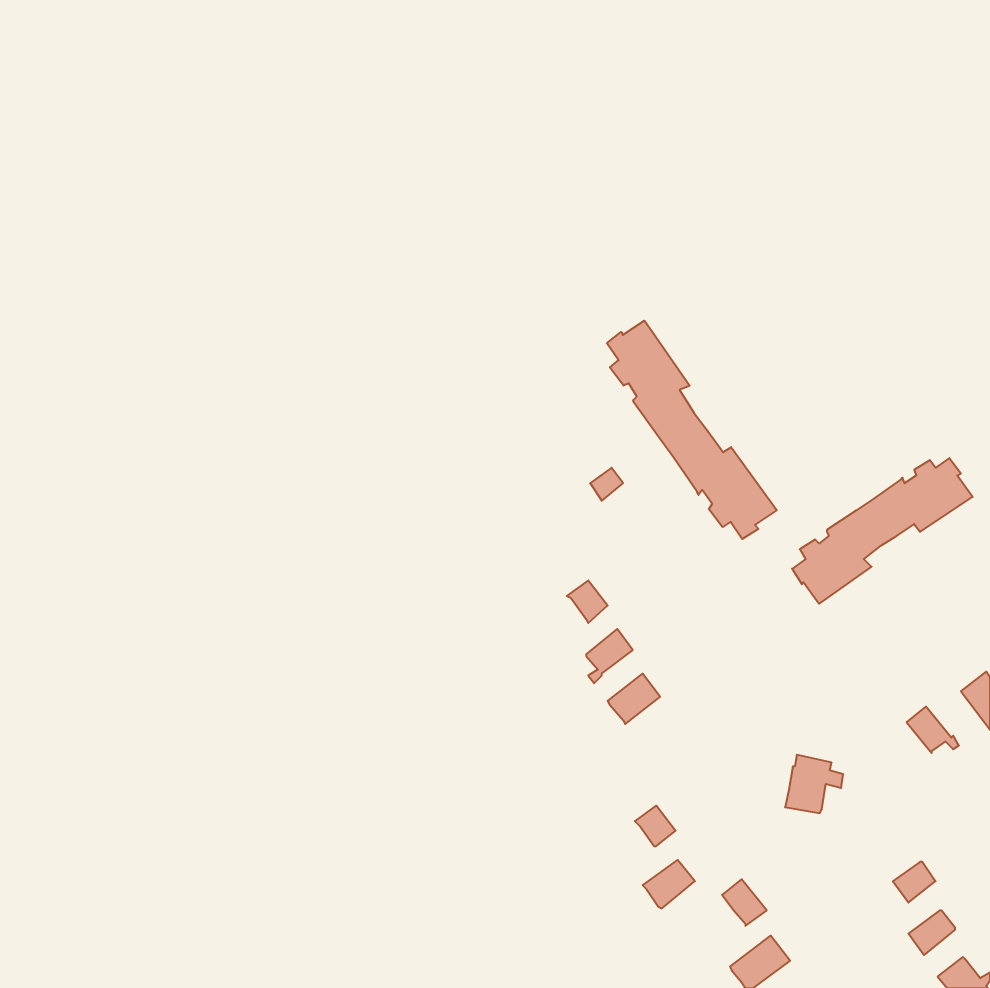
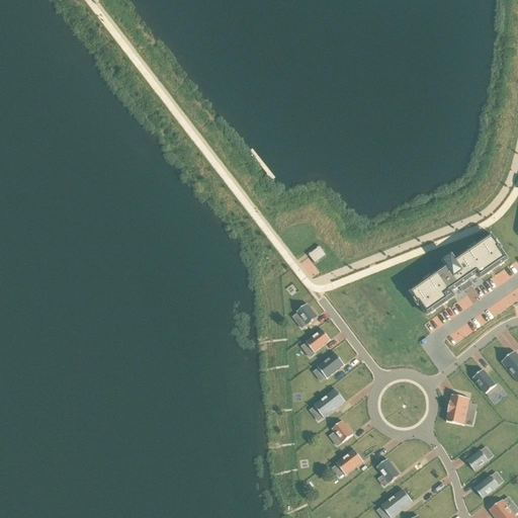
building: [607,321,777,539] -> none
building: none -> [313,387,345,418]
building: [785,755,843,813] -> [445,394,476,424]

